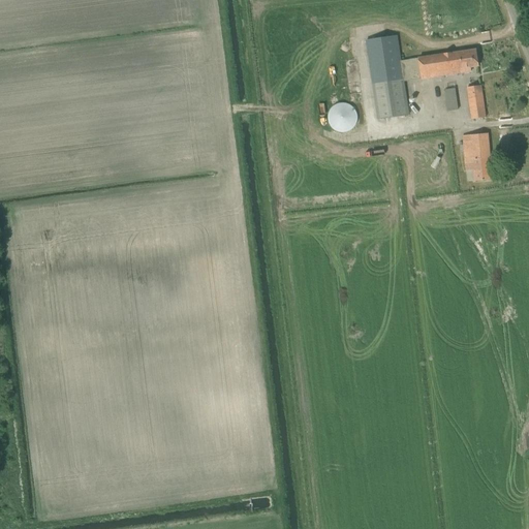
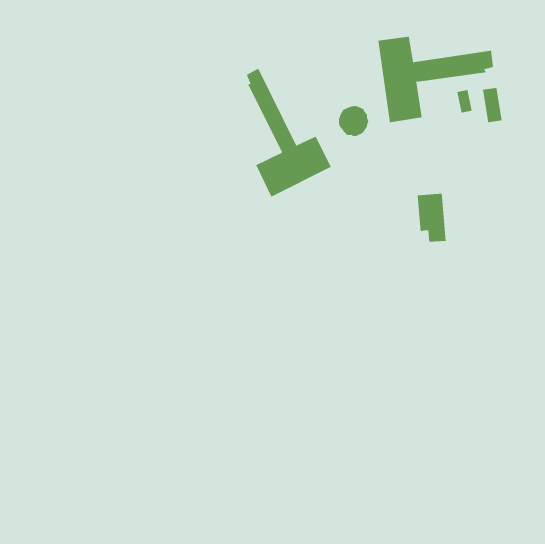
building: none -> [246,68,332,198]
building: [463,132,492,180] -> [417,193,447,242]

